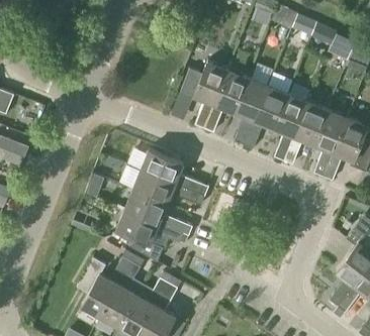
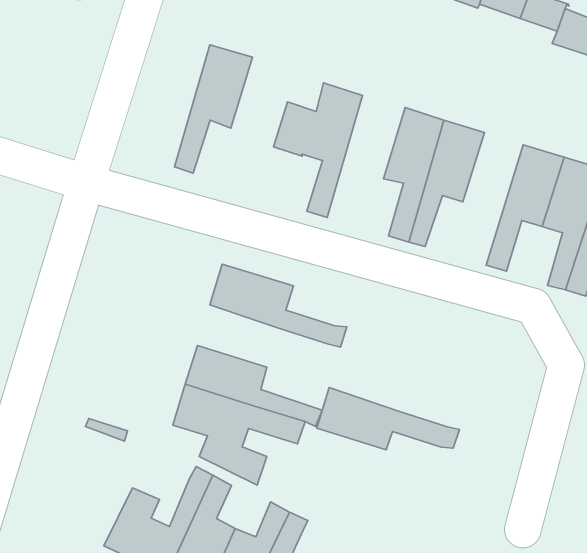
building: [204,69,249,133] -> [175,45,252,173]
building: [274,93,307,160] -> none
building: [132,169,205,205] -> [317,387,460,450]

